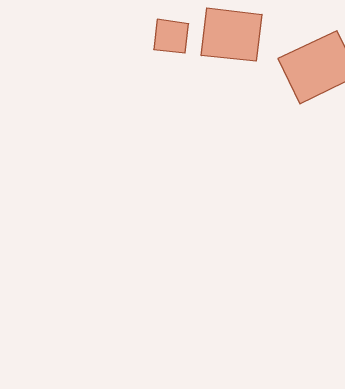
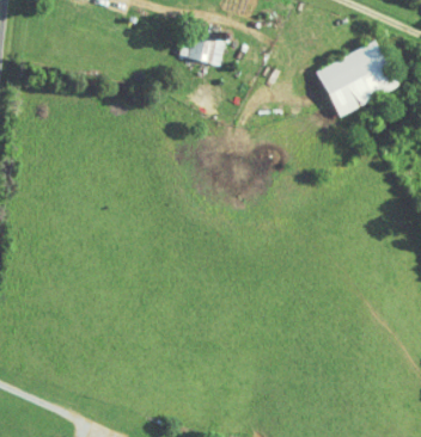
building: [201,8,262,61] -> none

